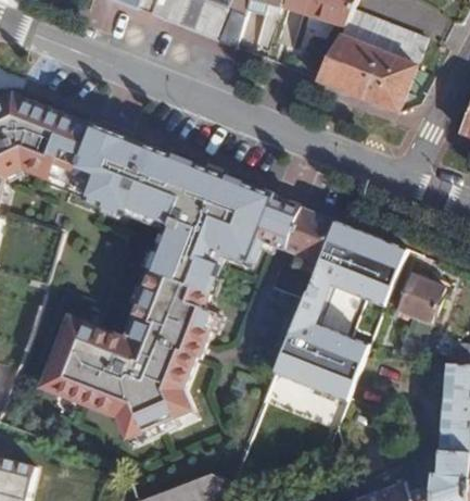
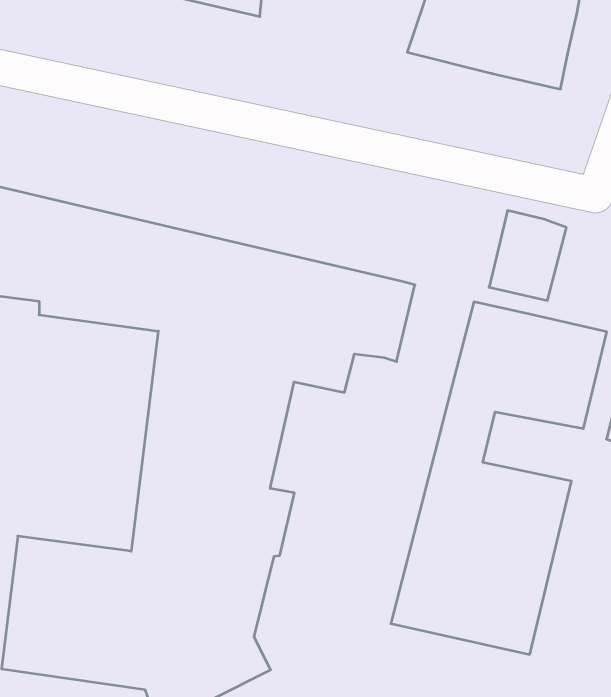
building: [284,209,332,262] -> [489,211,566,300]

